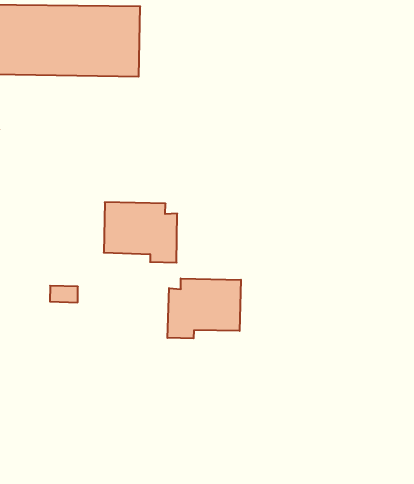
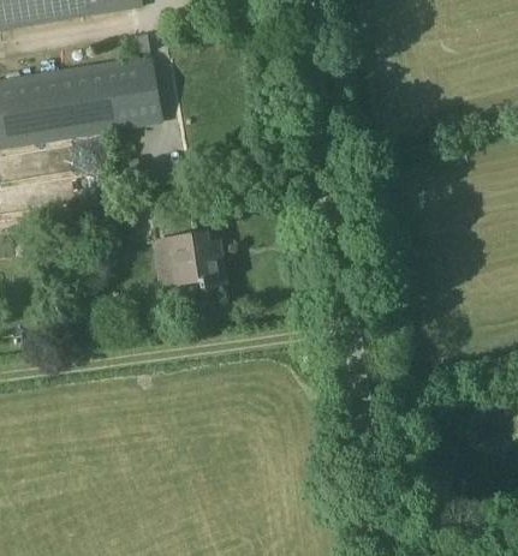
building: [167,278,241,338] -> none

